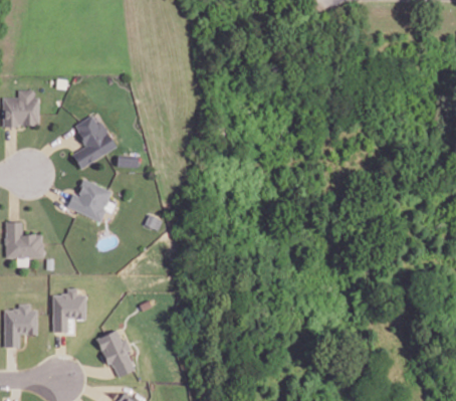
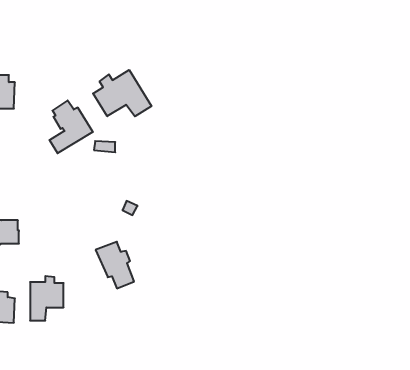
building: none -> [93,70,151,116]
building: [68,179,110,220] -> none
building: [96,332,135,378] -> [96,242,134,288]

